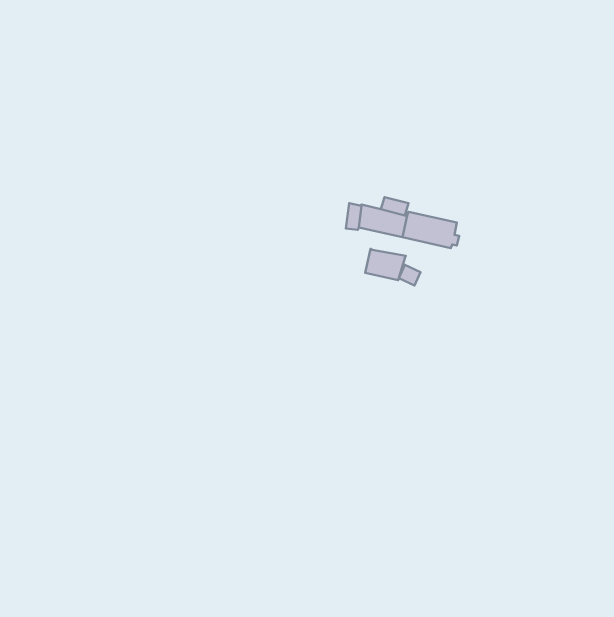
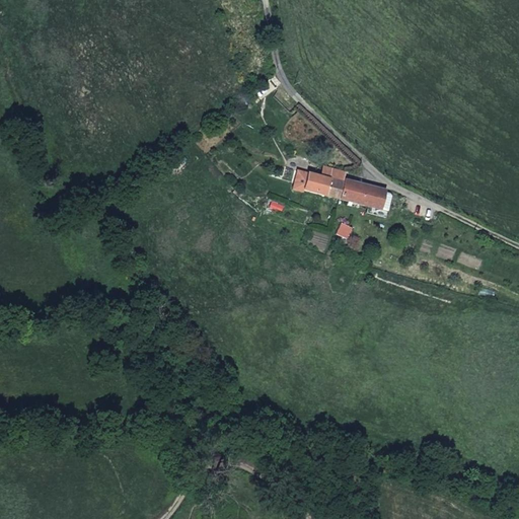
building: [365,249,406,280] -> none

